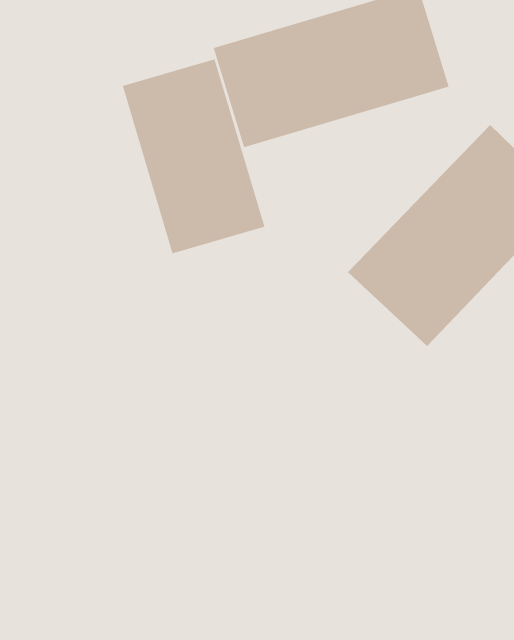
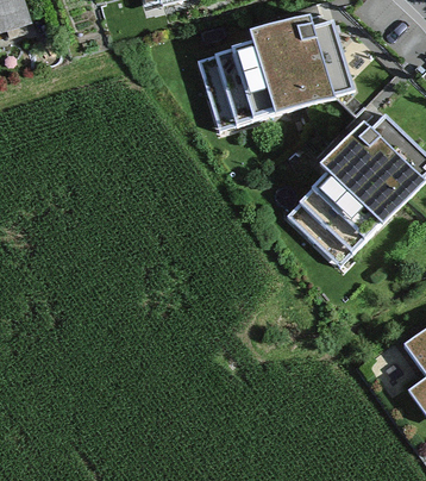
building: [122,59,265,254] -> none

